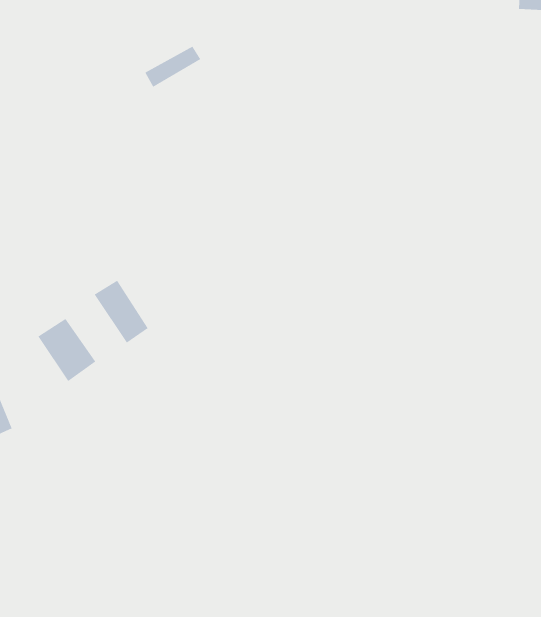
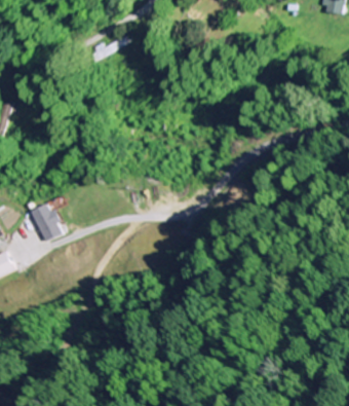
building: [94,280,149,344] -> none

